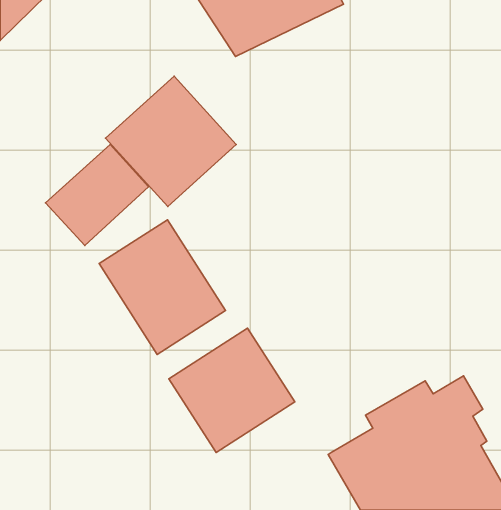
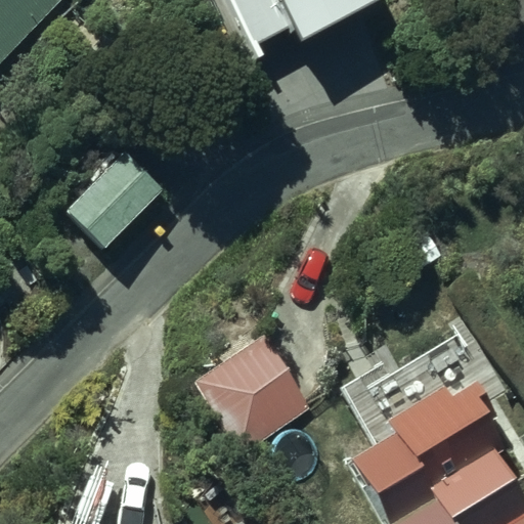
building: [106,76,236,207] -> none
building: [99,220,225,354] -> none

